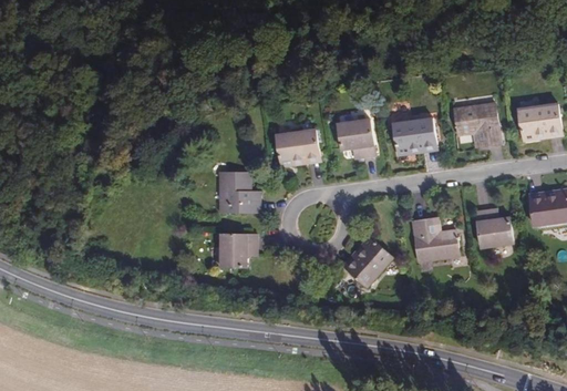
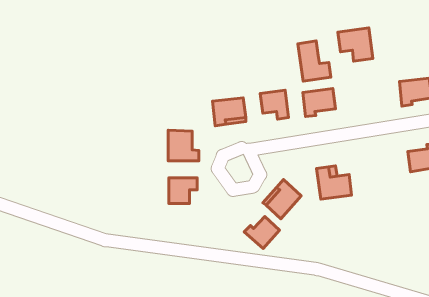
building: none -> [298,41,331,81]
building: [455,104,501,147] -> [338,28,373,61]
building: [476,209,513,247] -> none
building: none -> [244,217,280,248]

